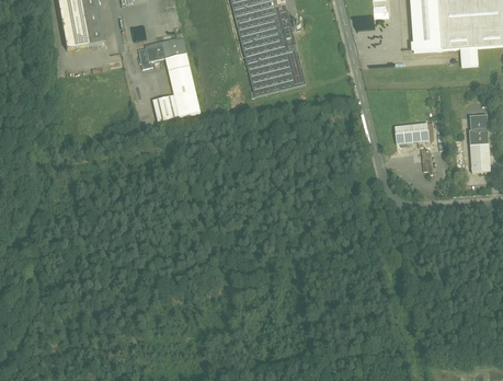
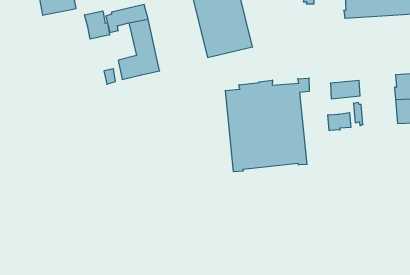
building: none -> [85,11,110,39]
building: none -> [225,78,309,172]
building: none -> [328,113,351,131]

